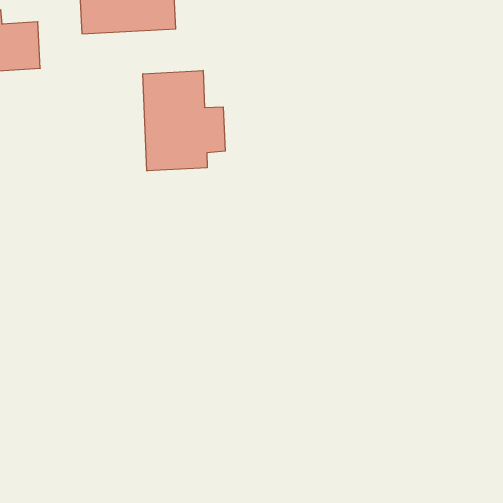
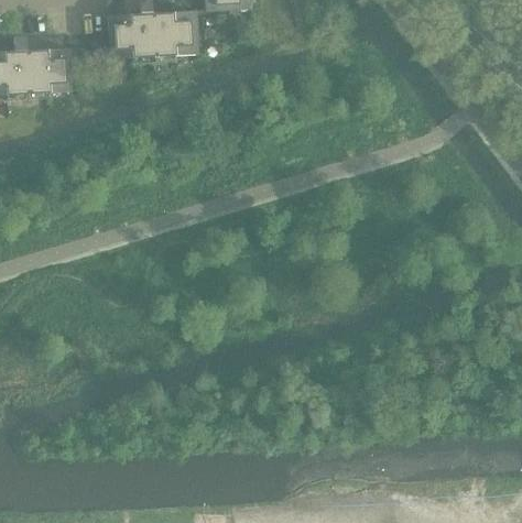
building: [143,70,225,171] -> none

